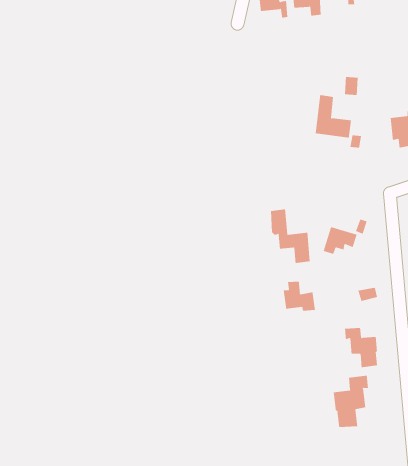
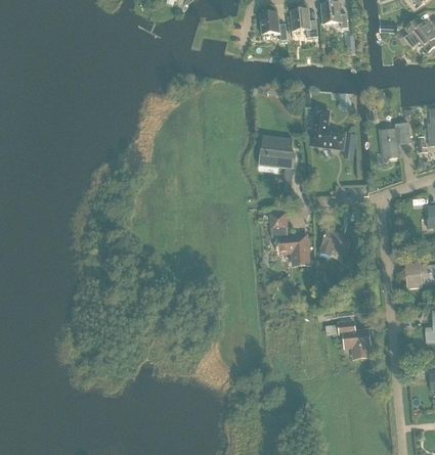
building: none -> [258,135,295,194]
building: [283,281,316,311] -> none
building: [333,375,369,428] -> none

